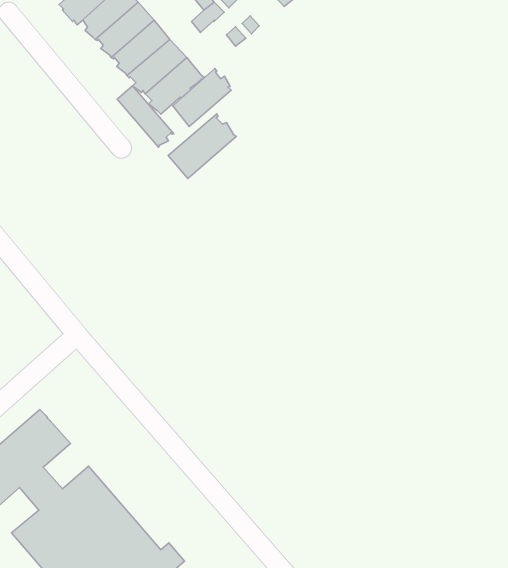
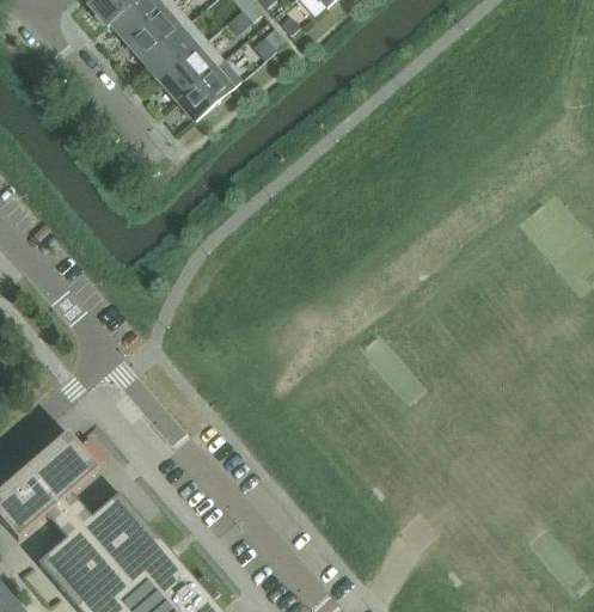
building: [173,68,231,126] -> none
building: [117,86,174,147] -> none
building: [168,114,236,178] -> none

